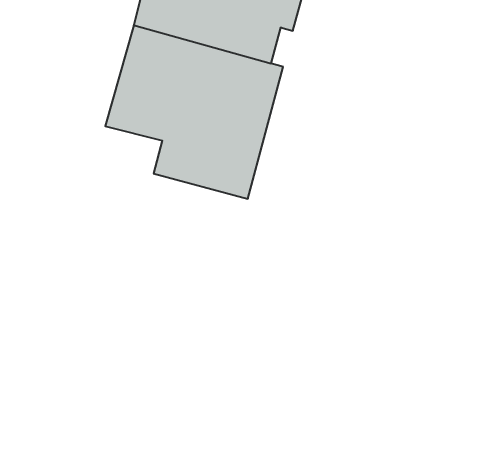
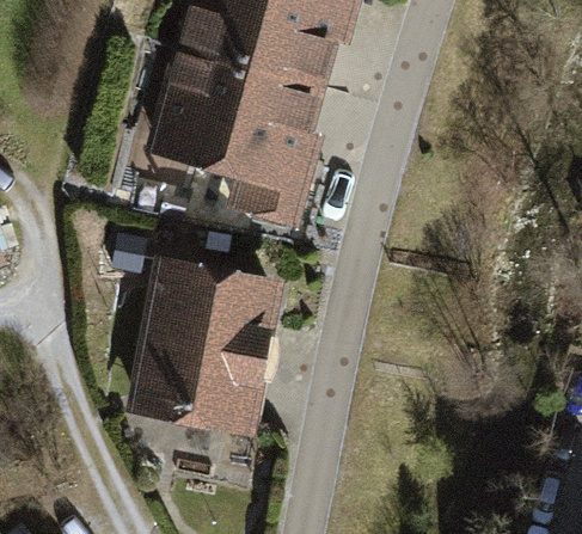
building: none -> [125,257,282,440]

